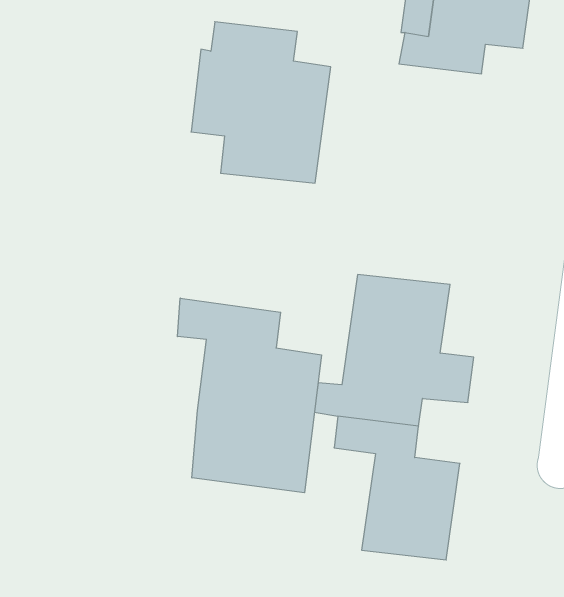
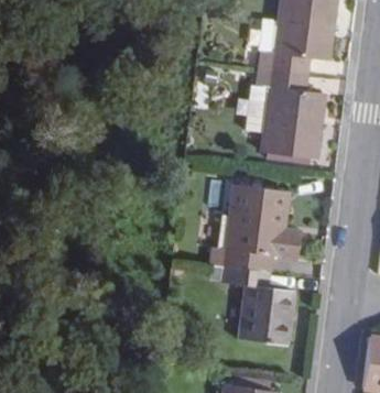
building: [191,22,331,183] -> [246,67,324,157]
building: [177,298,321,493] -> none

